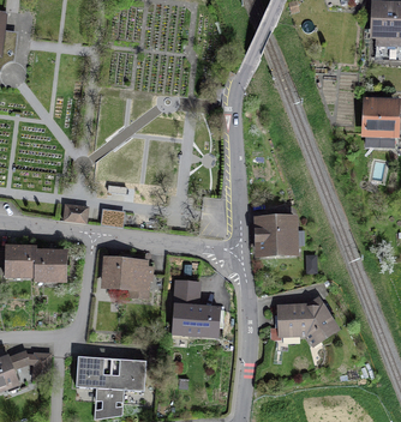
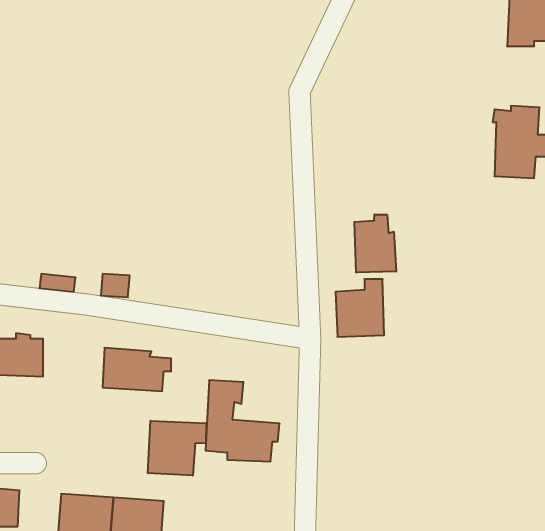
building: none -> [354,214,396,273]
building: [281,300,335,343] -> none
building: none -> [148,421,206,476]

